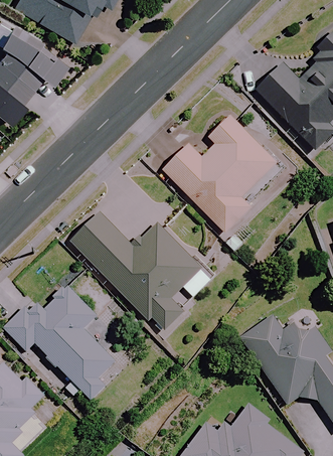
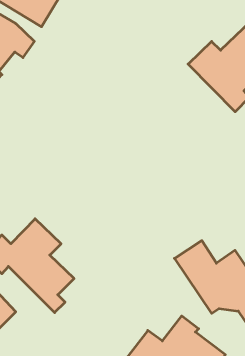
building: [164,116,277,233] -> none
building: [72,215,211,322] -> none

